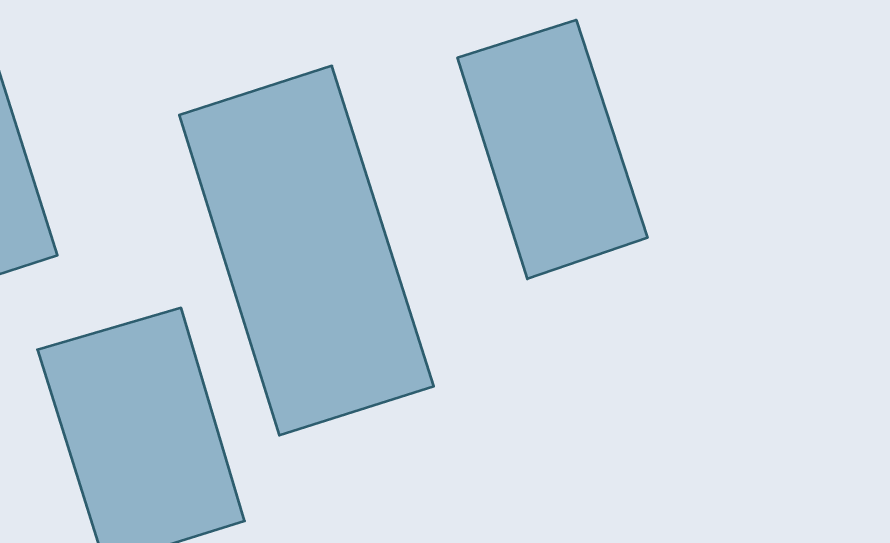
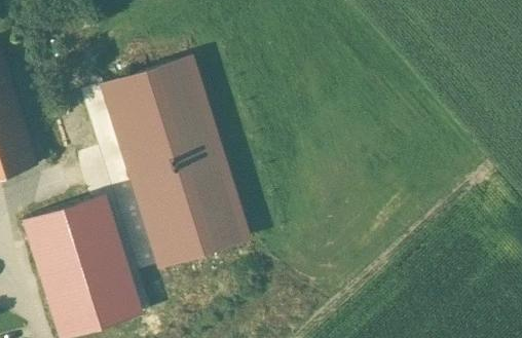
building: [458,20,647,279] -> none

